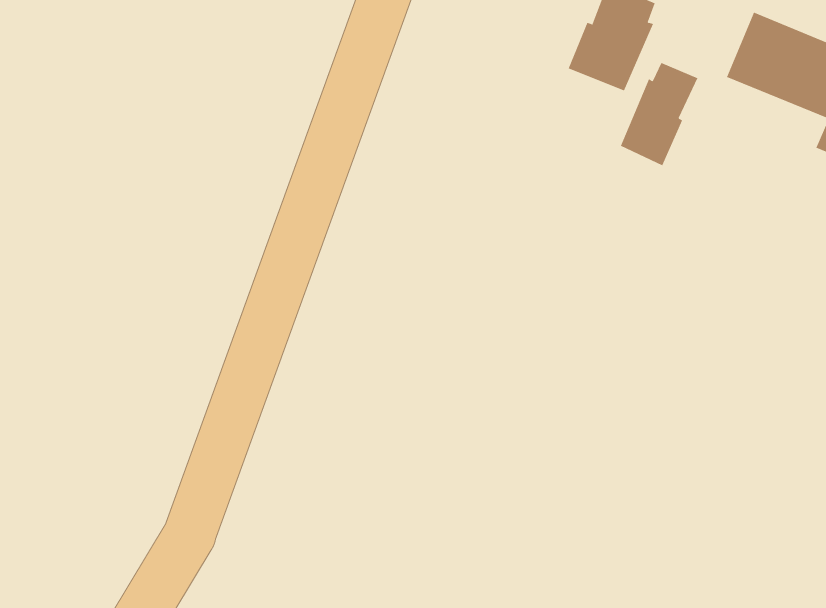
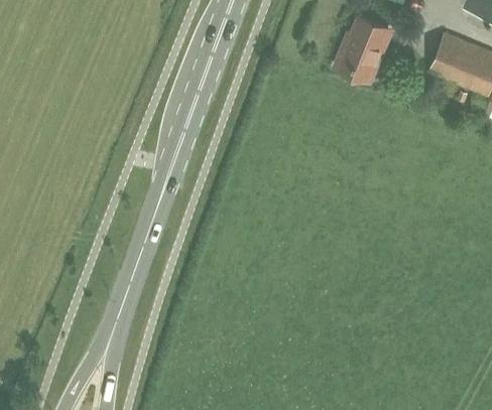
building: [620,62,698,166] -> none

